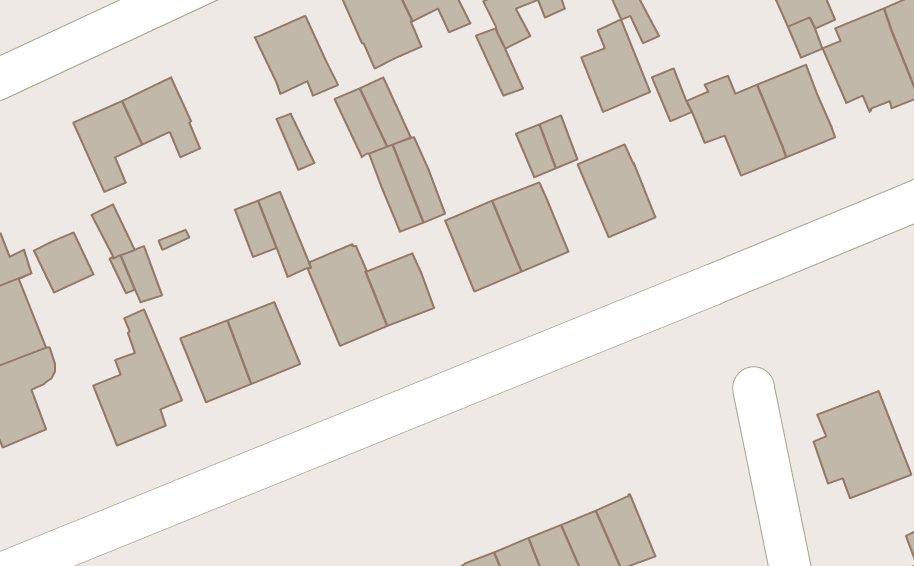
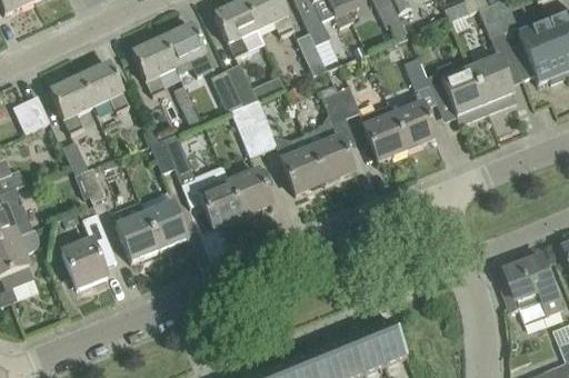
building: [581,19,650,112] -> [393,92,436,149]
building: none -> [132,39,174,96]
building: [34,233,94,292] -> [13,96,50,132]

